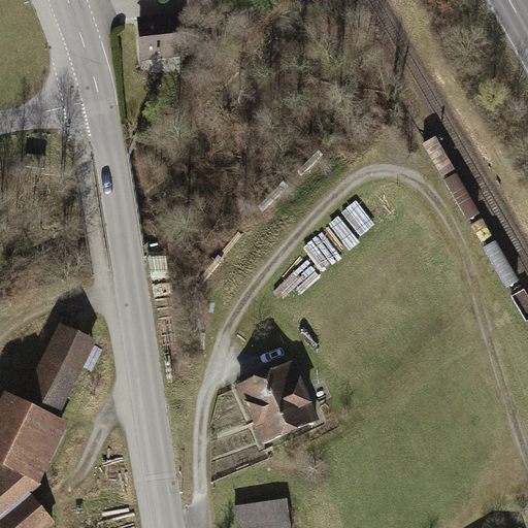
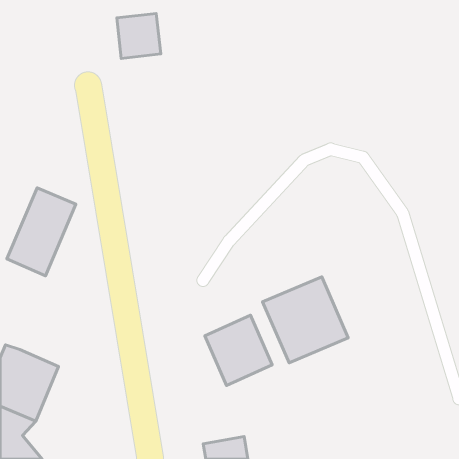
building: none -> [263,277,348,363]
building: [23,320,102,421] -> [7,188,76,276]

